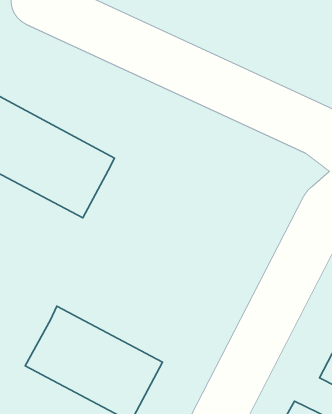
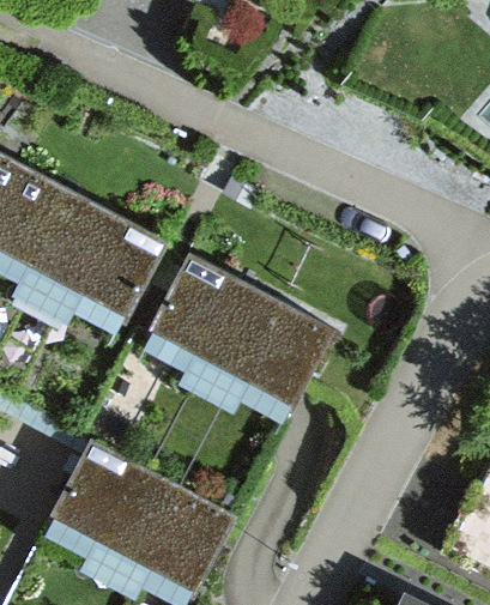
building: none -> [151,256,331,409]

